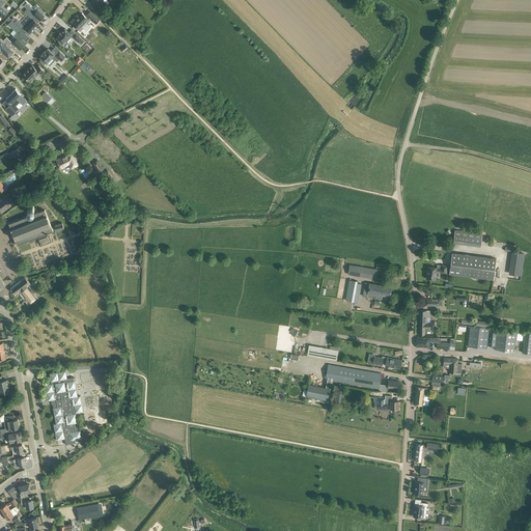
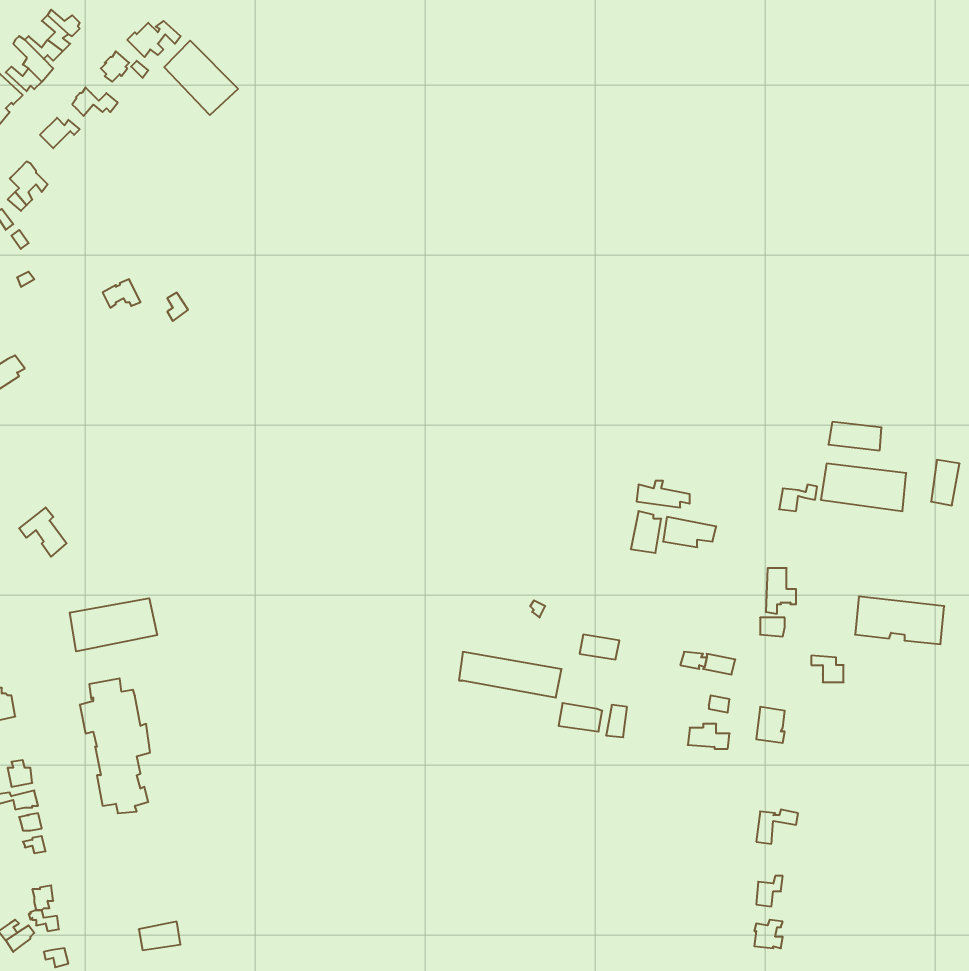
building: none -> [164,41,238,115]
building: [8,204,52,245] -> none
building: none -> [70,598,157,651]
building: [325,364,381,389] -> [459,652,562,698]

